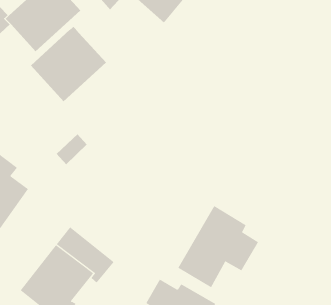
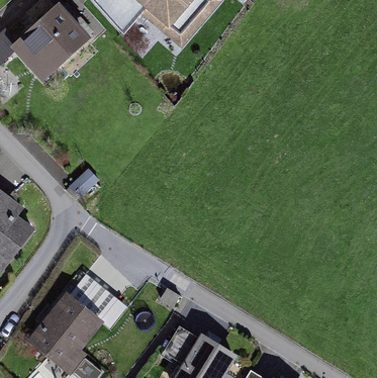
building: [30,26,107,102] -> none
building: [177,205,259,288] -> none

